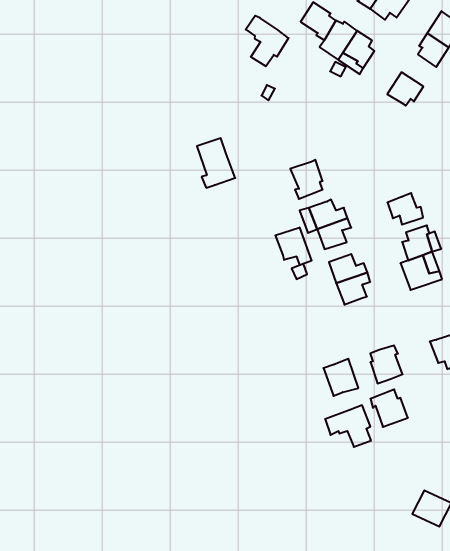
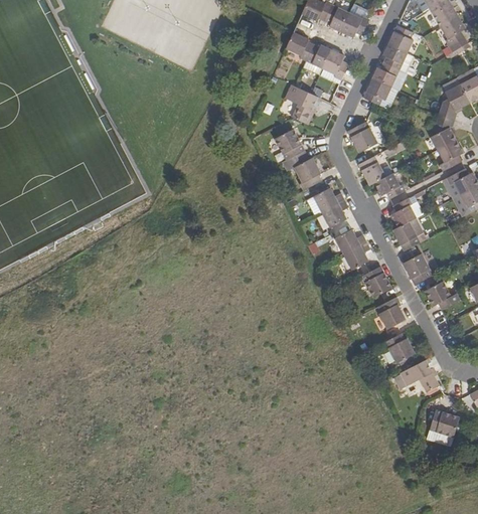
building: [246,16,289,66] -> [284,83,319,123]
building: none -> [371,61,399,87]
building: none -> [347,121,377,152]
building: [197,138,235,188] -> [275,129,309,170]
building: none -> [358,155,385,185]
building: [275,227,312,265] -> none
building: none -> [403,252,433,284]
building: [323,359,358,396] -> [361,266,391,297]
building: [325,405,371,447] -> [400,357,439,391]

